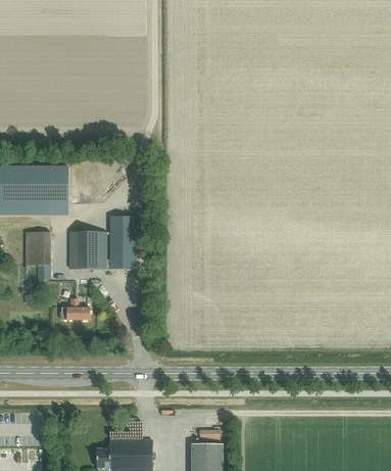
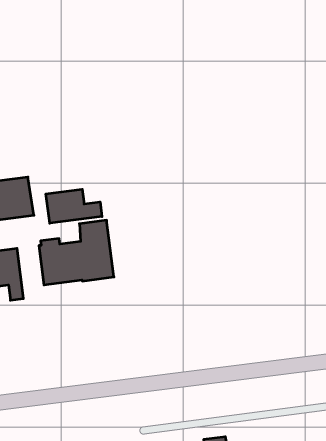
building: none -> [46,189,102,223]
building: [60,299,89,320] -> none

